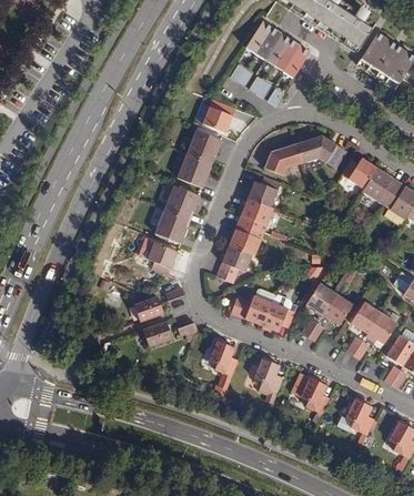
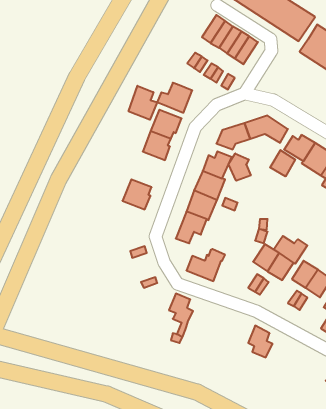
building: none -> [129,86,157,120]
building: none -> [270,150,295,176]
building: none -> [229,153,251,181]
building: [165,185,201,217] -> none
building: [150,241,179,274] -> none
building: none -> [274,236,307,264]
building: [133,294,162,320] -> none
building: [260,295,296,332] -> none
building: [144,321,174,347] -> none
building: [254,358,282,404] -> none
building: [336,398,373,445] -> none

